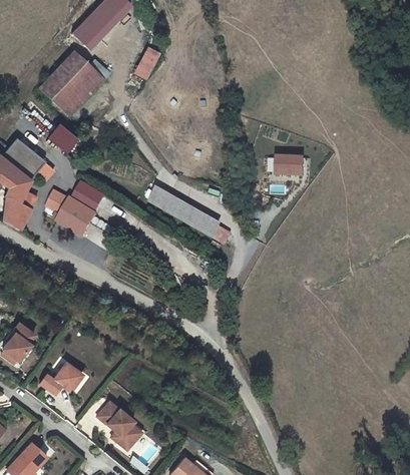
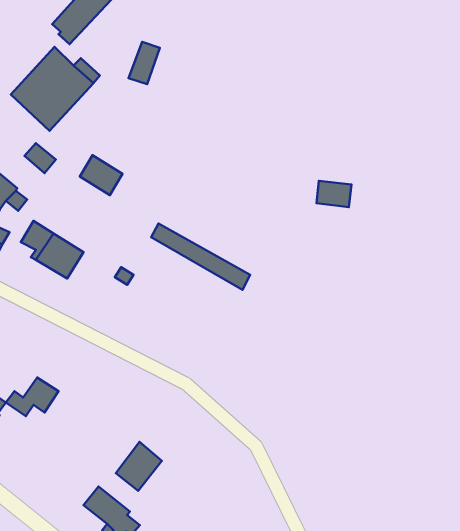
building: [73,181,107,213] -> [80,155,123,195]
building: [40,363,82,394] -> [6,377,58,416]
building: none -> [116,442,162,491]

